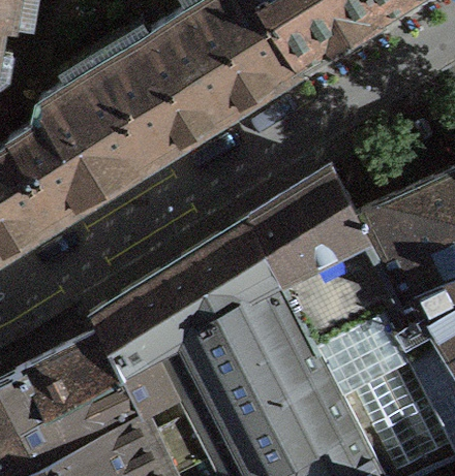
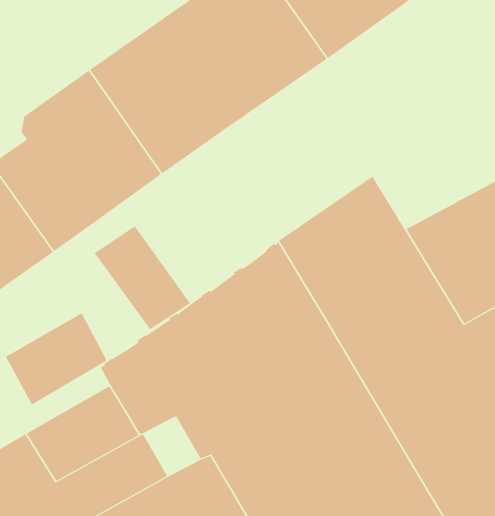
building: none -> [94,225,191,330]
building: none -> [5,313,108,405]

